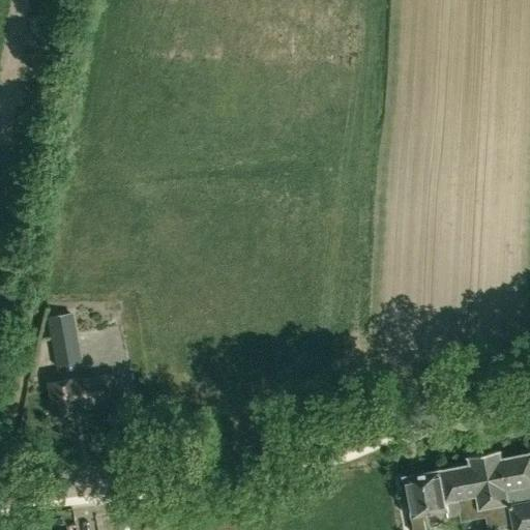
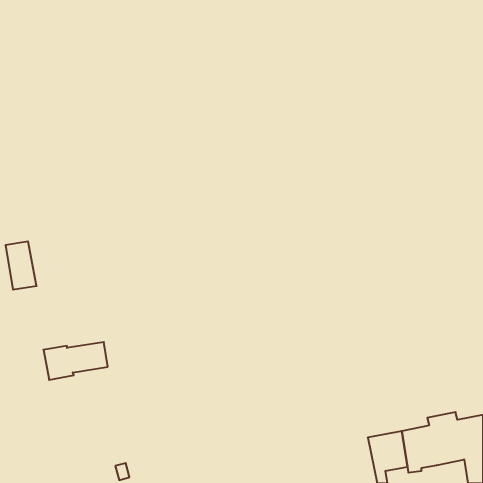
building: [48,314,82,366] -> [5,241,37,290]

